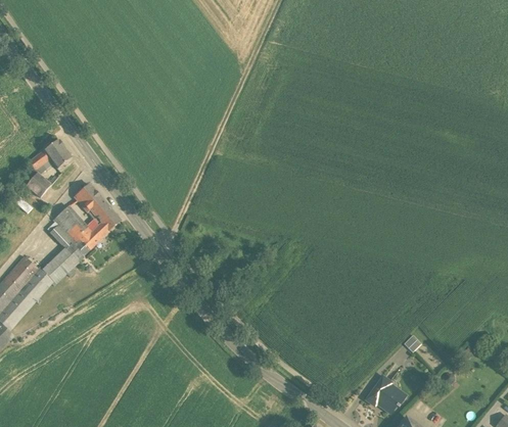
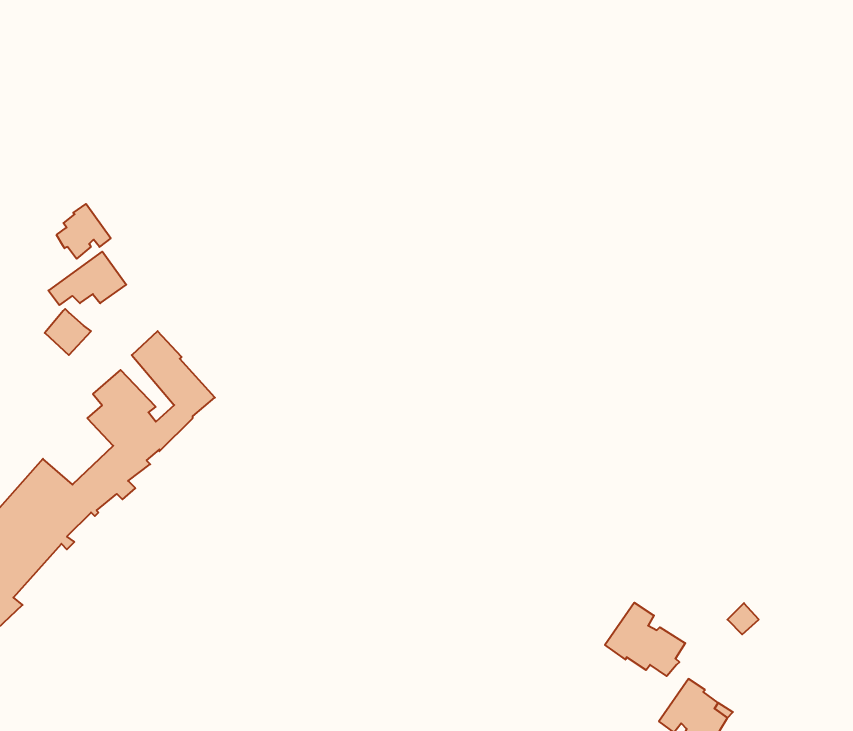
building: none -> [57,204,111,259]
building: none -> [605,603,685,676]

